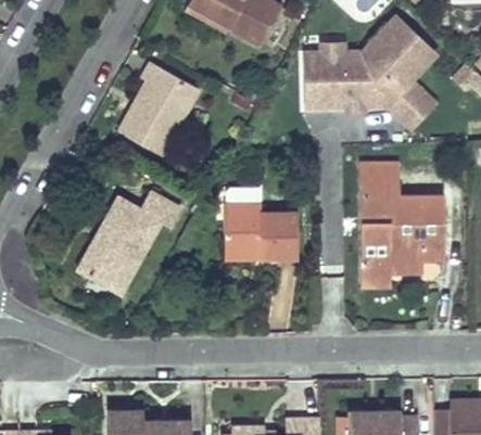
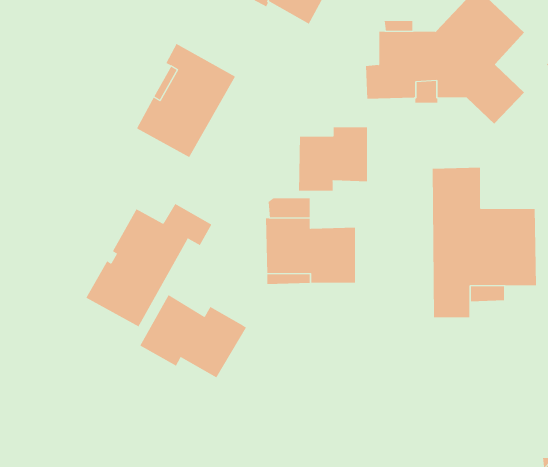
building: none -> [298,127,368,192]
building: none -> [139,294,247,378]

